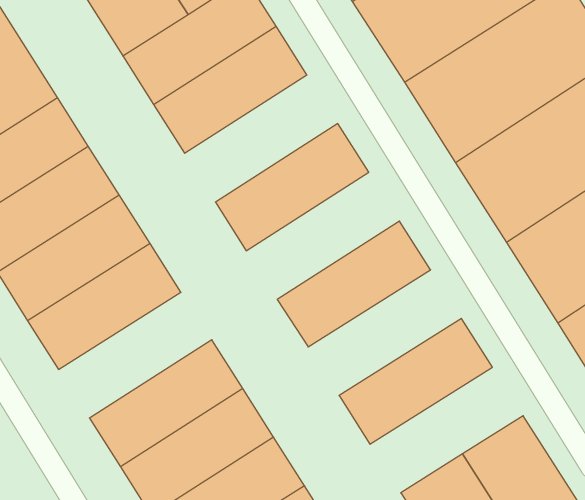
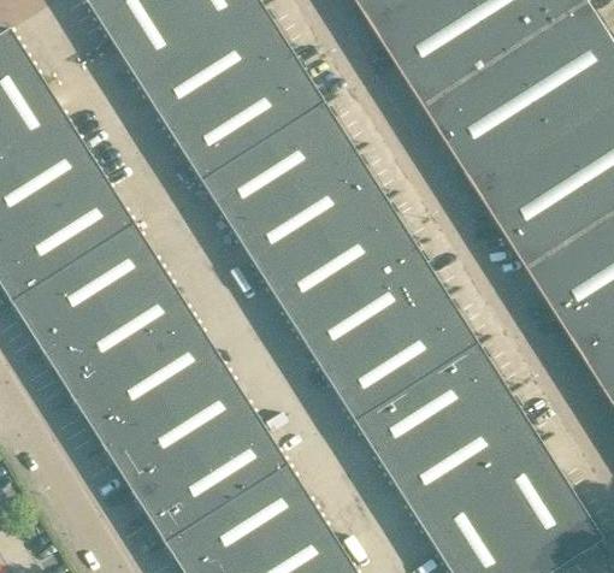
building: none -> [200,101,355,230]
building: none -> [262,200,418,329]
building: none -> [325,299,480,426]
building: none -> [72,321,228,449]
building: none -> [388,397,543,525]

